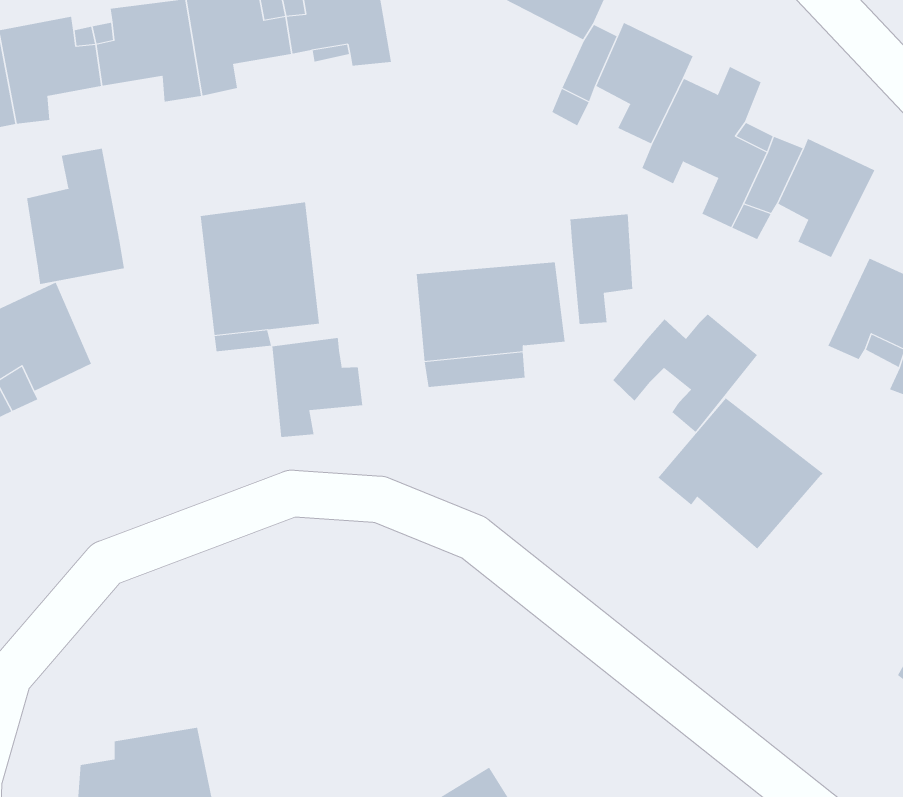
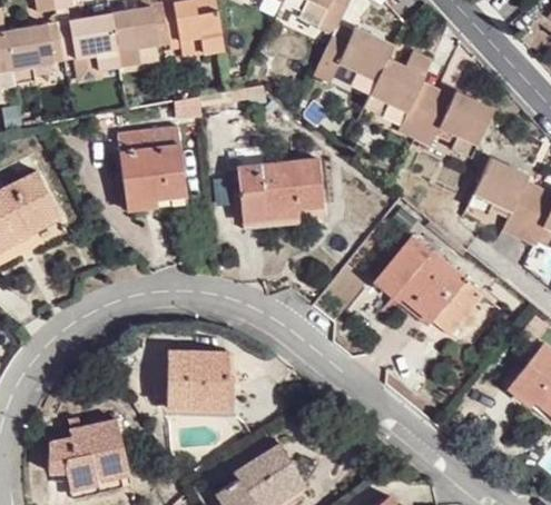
building: [27,148,124,285] -> none
building: [570,214,633,325] -> none
building: [612,313,758,433] -> none
building: [272,337,363,438] -> none
building: none -> [429,279,482,336]
building: none -> [165,349,230,407]

